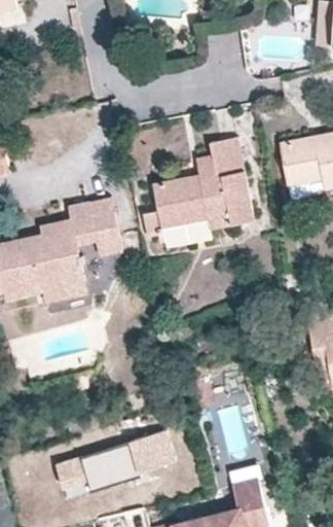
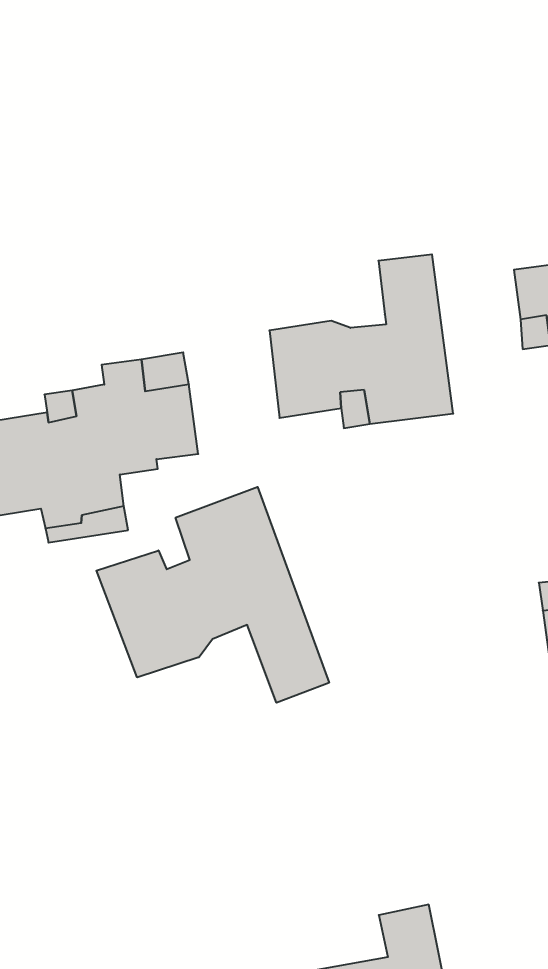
building: none -> [96,487,329,703]
building: [53,426,174,488] -> none

